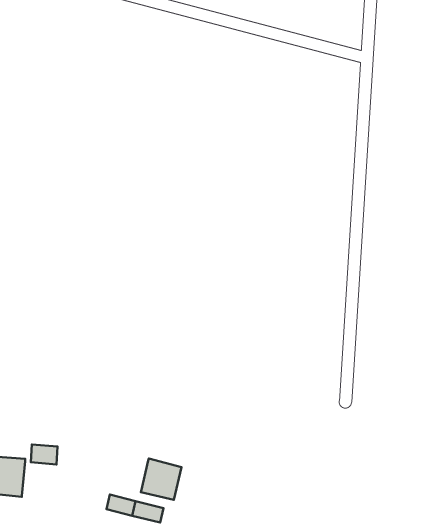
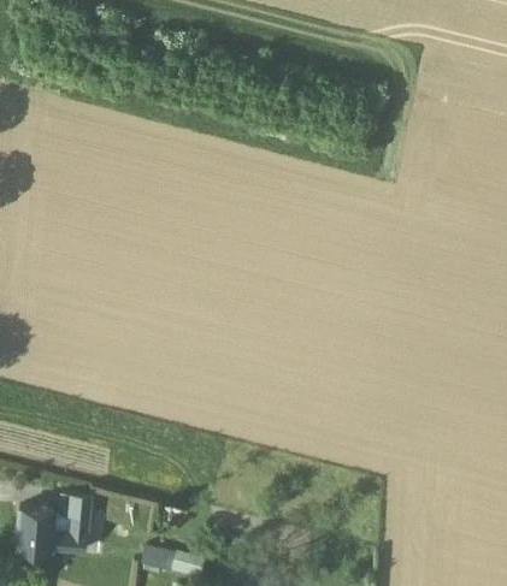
building: [141,459,181,500] -> none
building: none -> [53,513,90,552]

